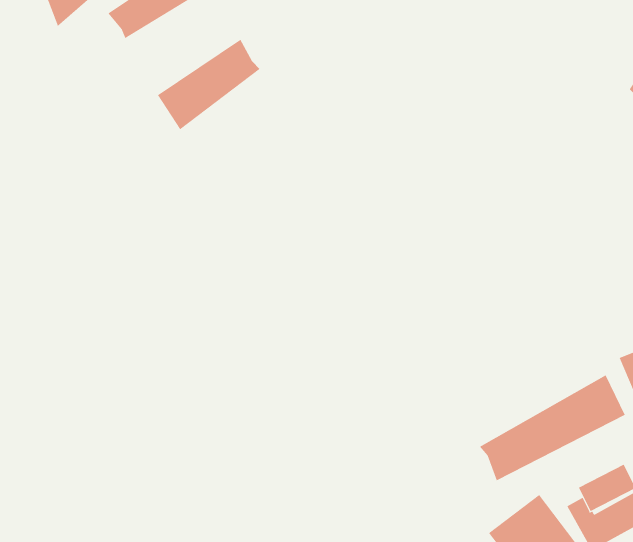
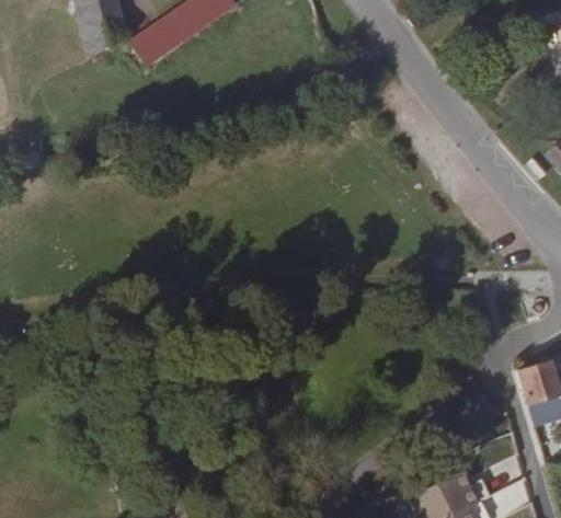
building: [157,39,260,130] -> none
building: [479,375,625,481] -> none

